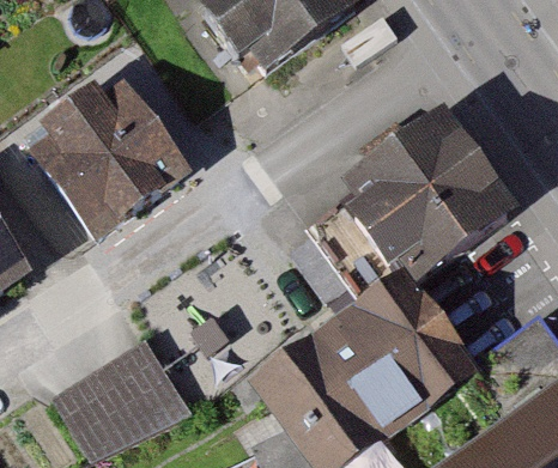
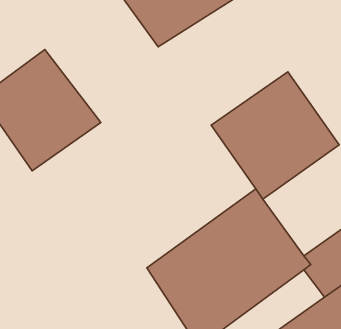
building: [53,335,186,455] -> none

